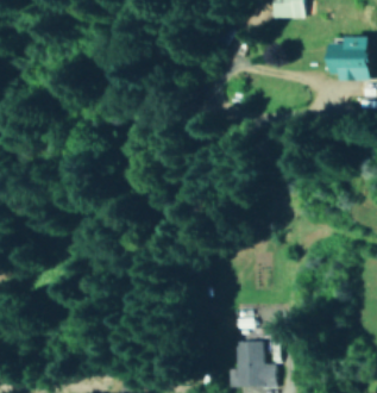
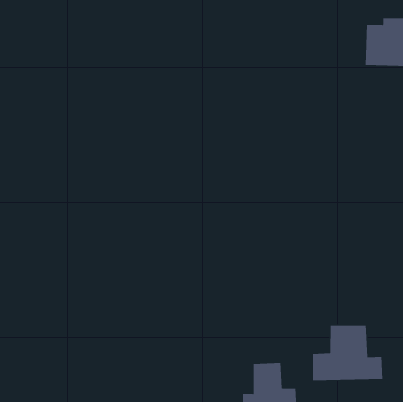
building: none -> [312,325,383,381]

